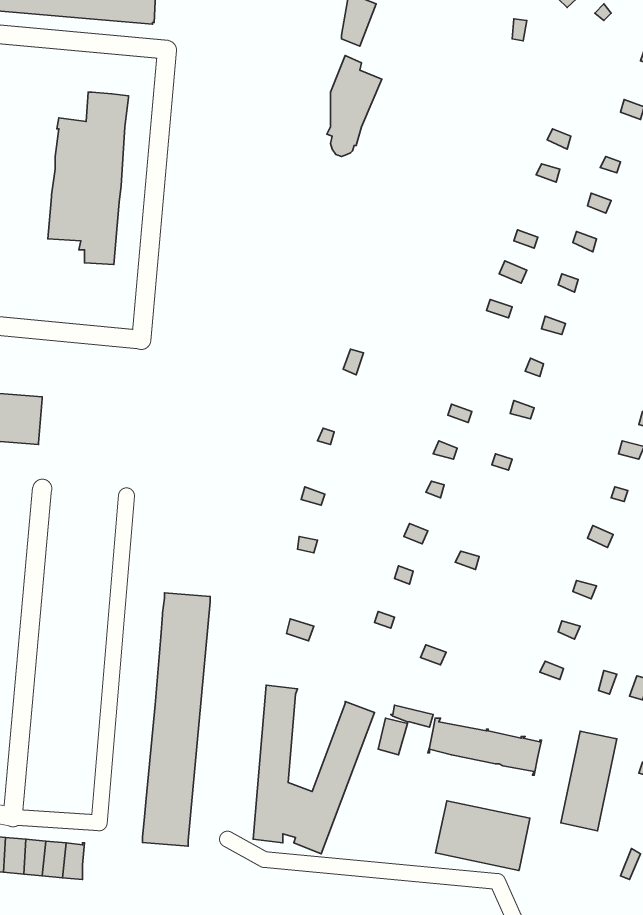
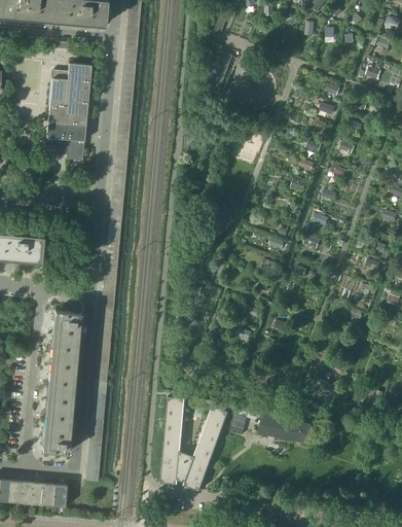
building: [142,593,210,846] -> [43,311,81,453]
building: [561,731,617,831] -> none
building: [436,801,530,870] -> none

